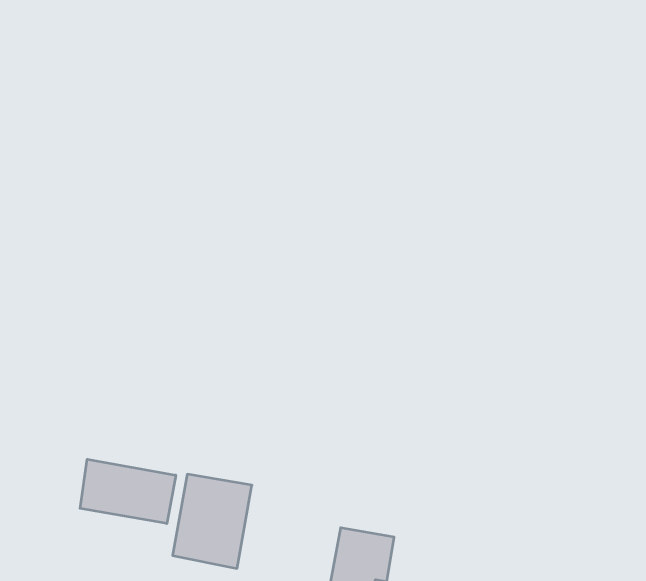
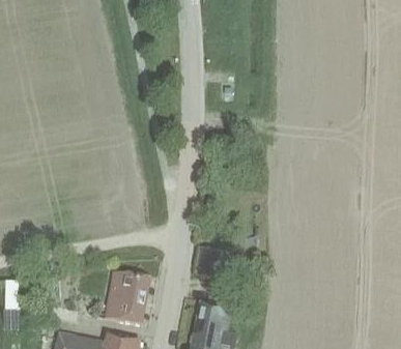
building: [80,459,176,524] -> none

